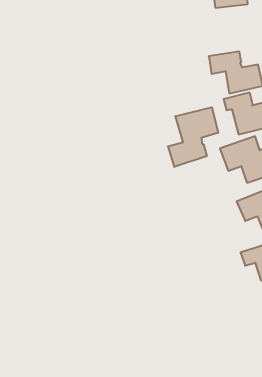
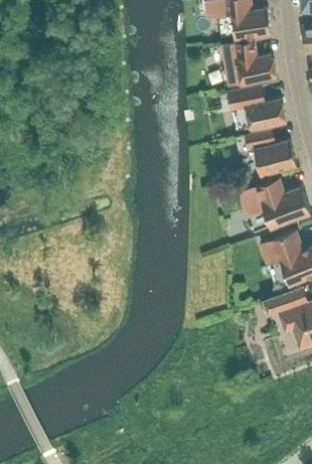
building: none -> [221,40,276,85]
building: [168,107,218,167] -> none

